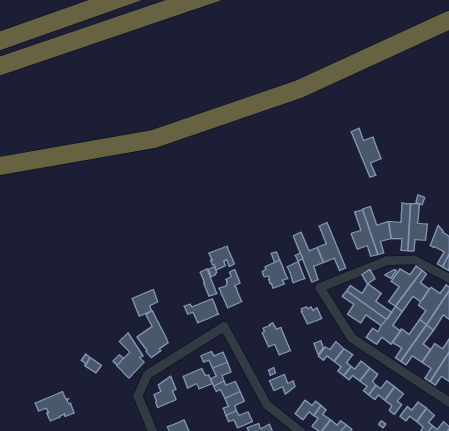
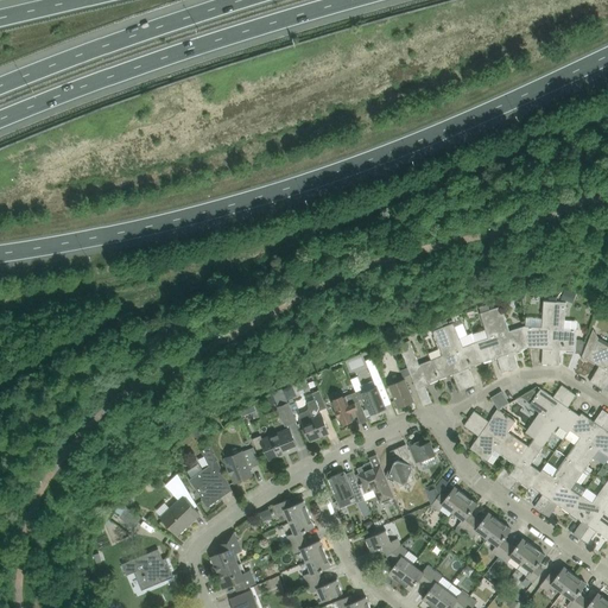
building: [351,128,381,177] -> [443,322,483,387]
building: [209,246,234,270] -> [331,392,366,424]
building: [132,290,158,316] -> [226,446,260,482]
building: none -> [388,444,416,487]
building: none -> [328,471,365,507]
building: [183,369,212,389] -> [216,563,255,590]
building: none -> [387,545,413,582]
building: [35,392,74,421] -> [121,549,173,588]

